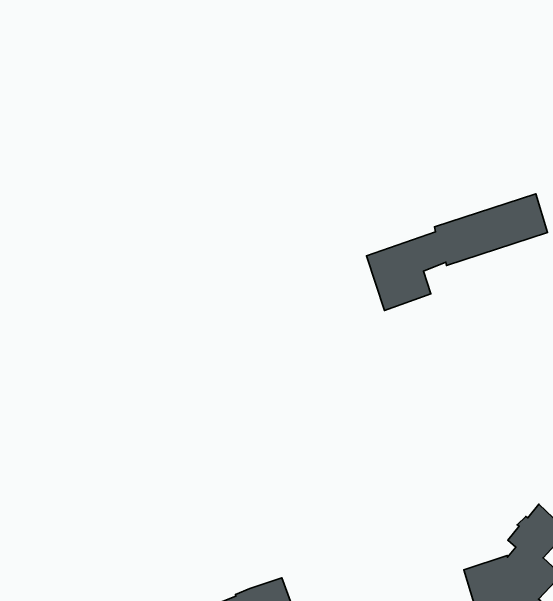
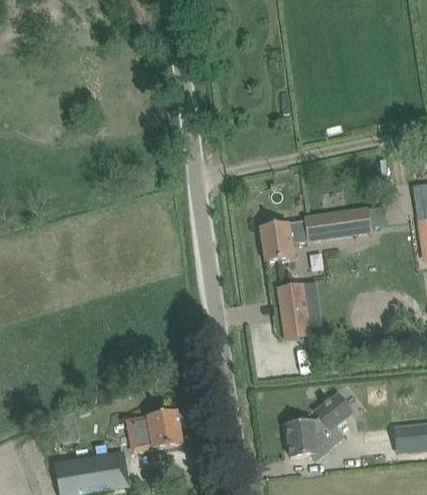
building: none -> [277,282,311,337]

